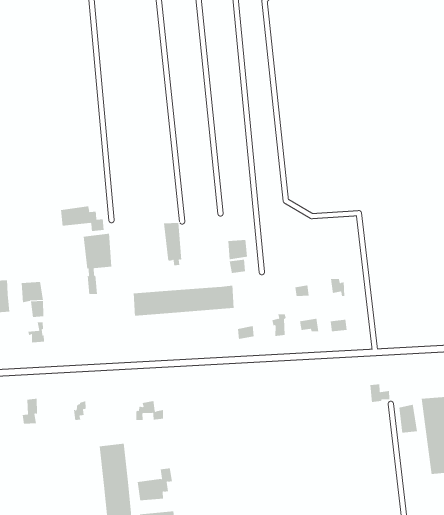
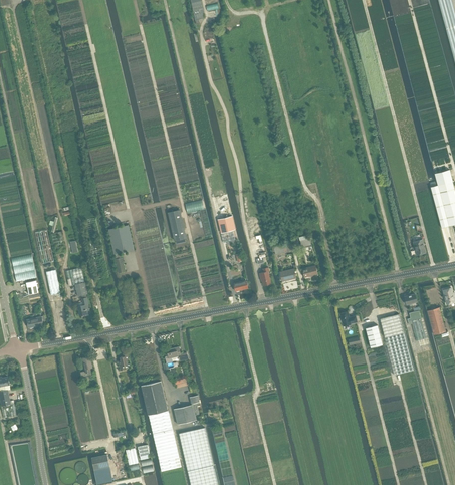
building: [60,206,104,232] -> none
building: [133,285,234,316] -> none

